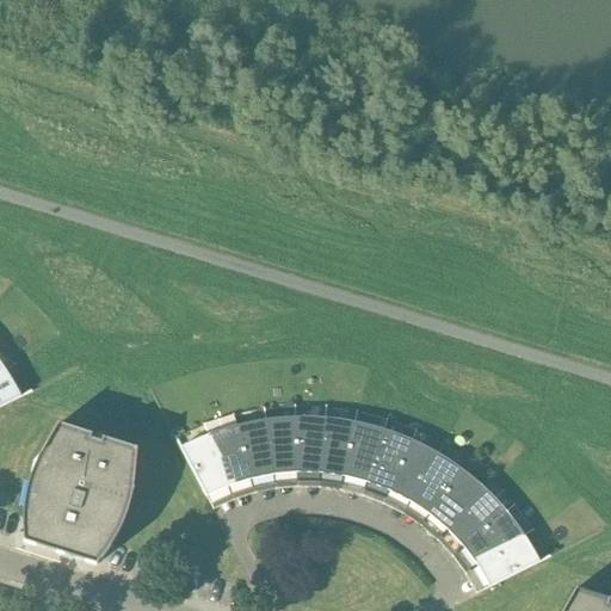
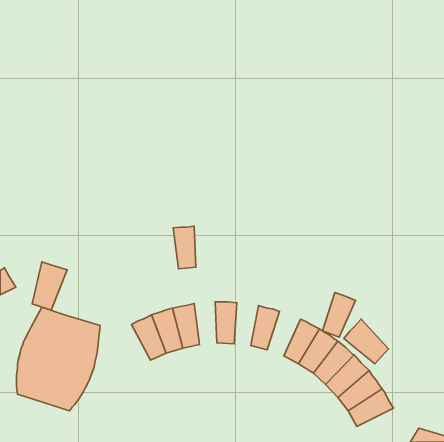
building: none -> [32,262,67,310]
building: [267,414,298,473] -> [173,226,196,269]
building: [322,415,356,474] -> none
building: [368,427,413,488] -> [323,293,356,337]
building: none -> [344,319,389,364]

